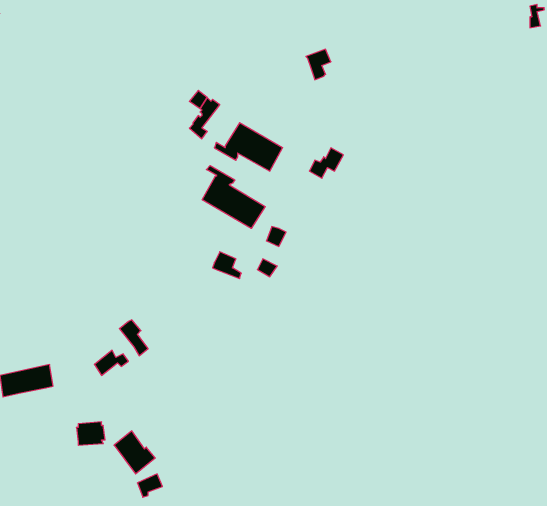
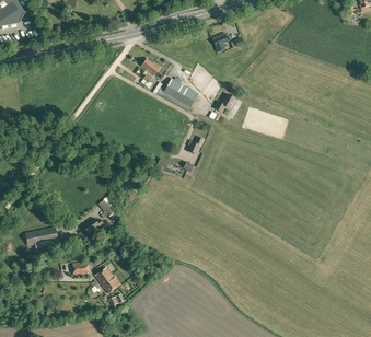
building: [202,166,265,228] -> none

